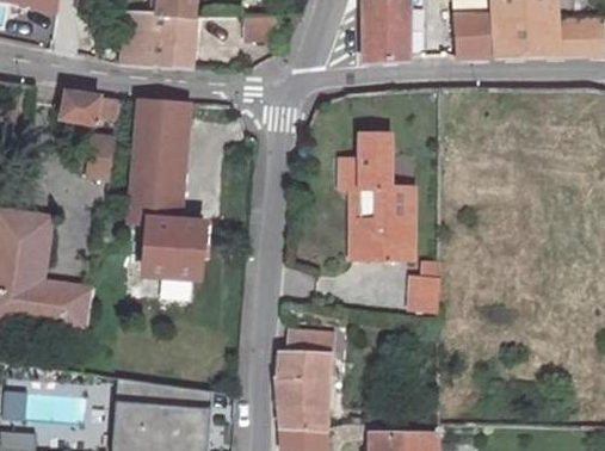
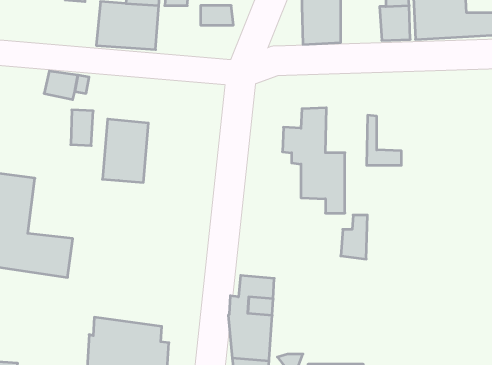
building: [135,100,186,153] -> none
building: [348,199,389,258] -> [367,115,401,165]
building: [143,220,200,278] -> none

